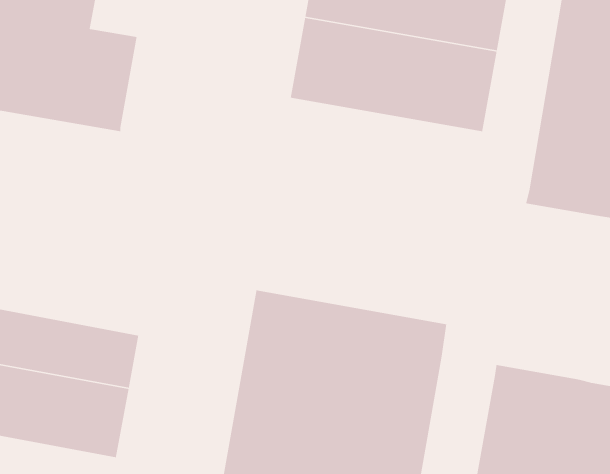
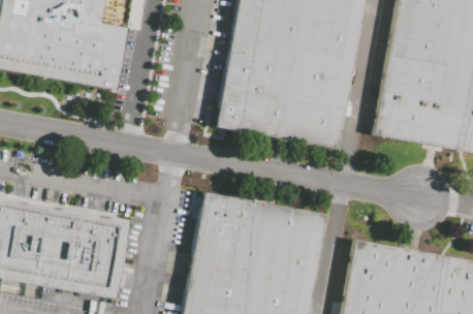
building: none -> [216,70,349,150]

